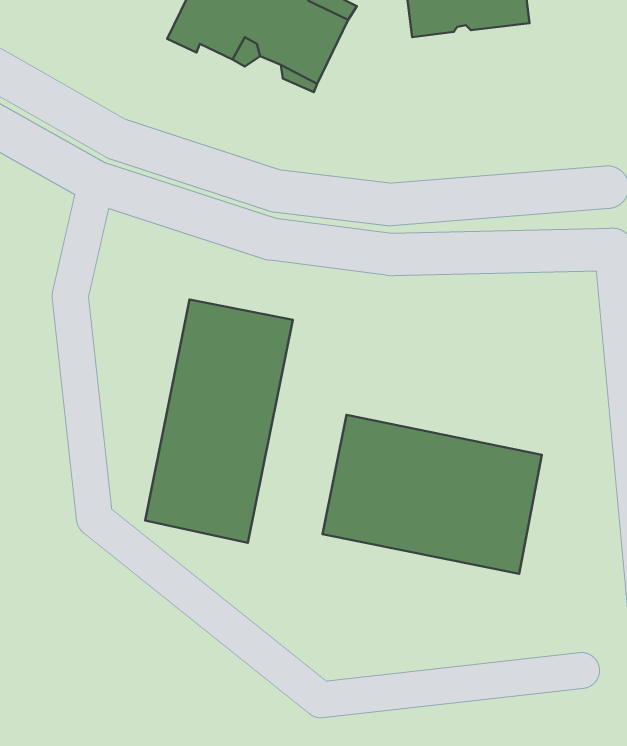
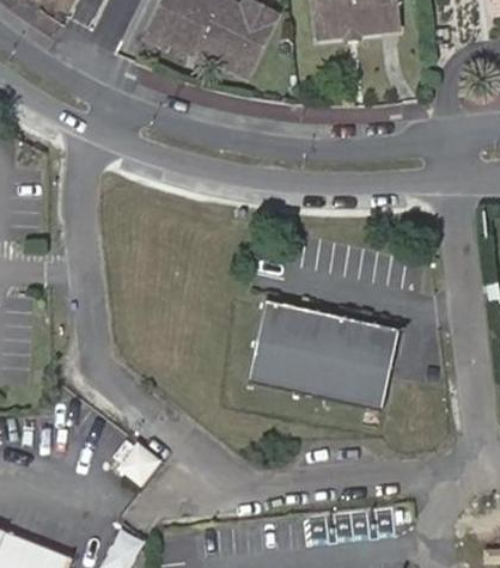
building: [145,299,293,543] -> none

